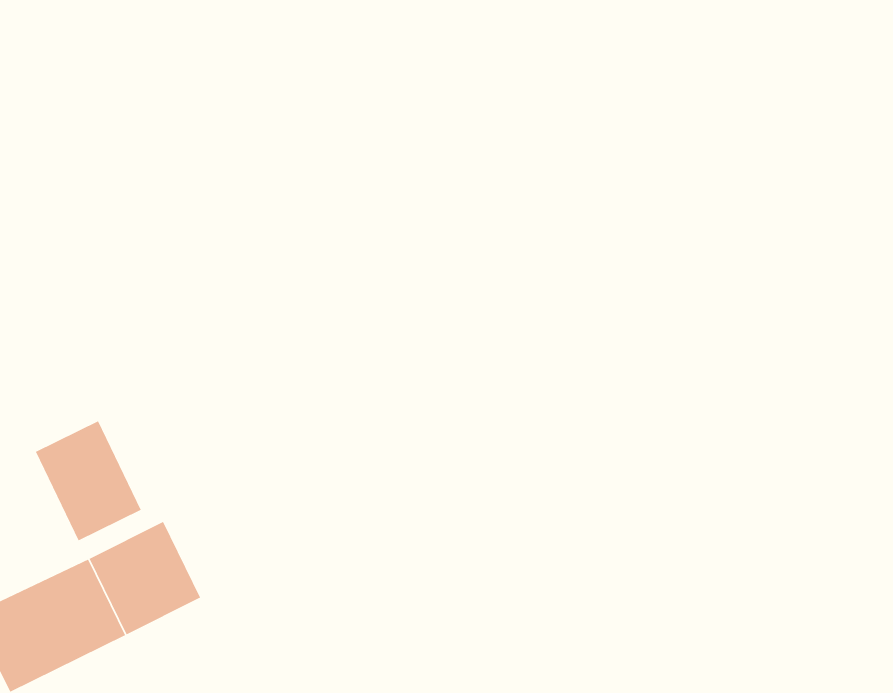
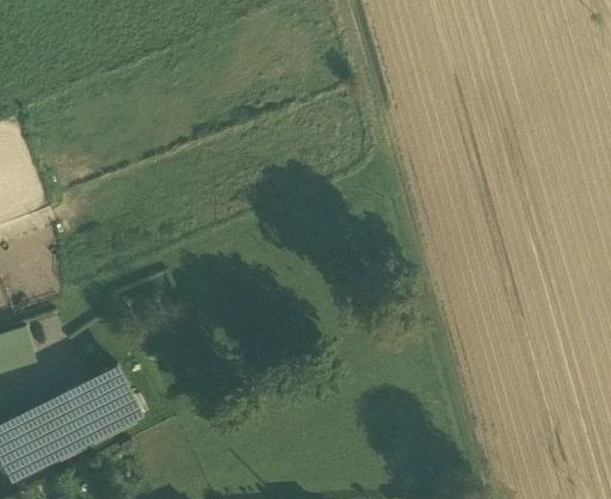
building: [35,420,142,541] -> none

